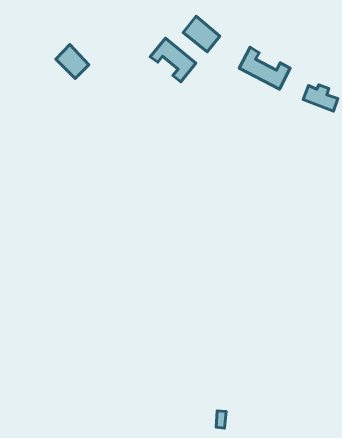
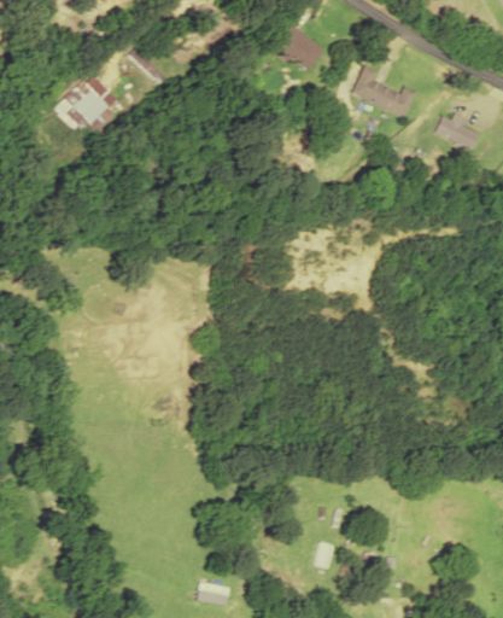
building: [150,38,196,82] -> none
building: [56,45,89,79] -> [71,86,115,130]

